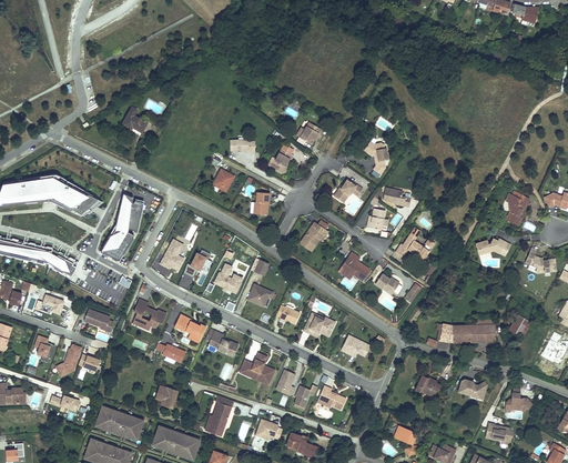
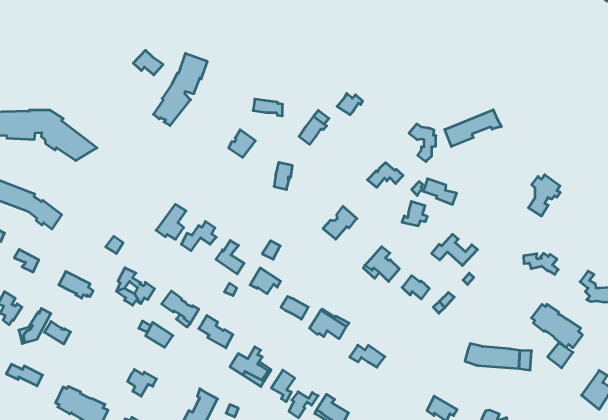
building: none -> [445,110,501,147]
building: [505,190,530,225] -> [528,175,560,216]
building: [103,197,143,260] -> [153,53,207,126]
building: none -> [531,304,582,348]

